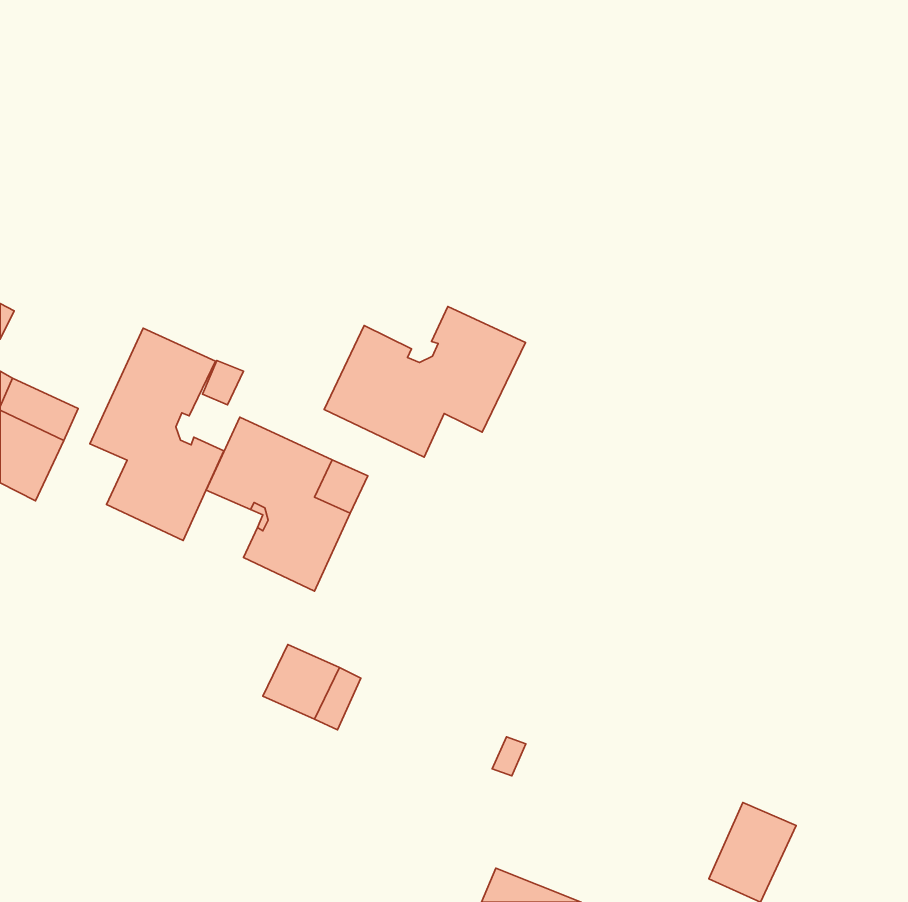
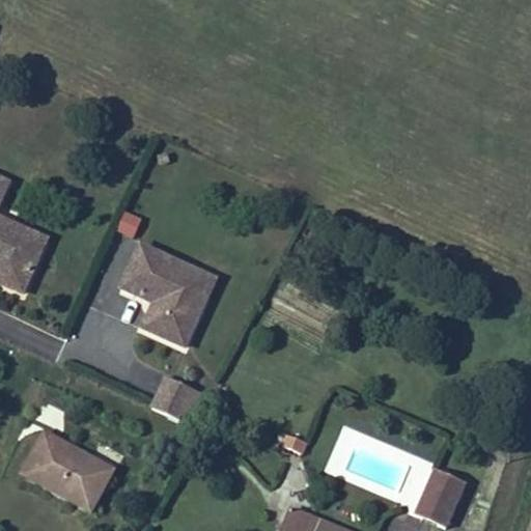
building: [324,307,526,457] -> none
building: [90,328,224,541] -> none
building: none -> [24,434,111,507]

